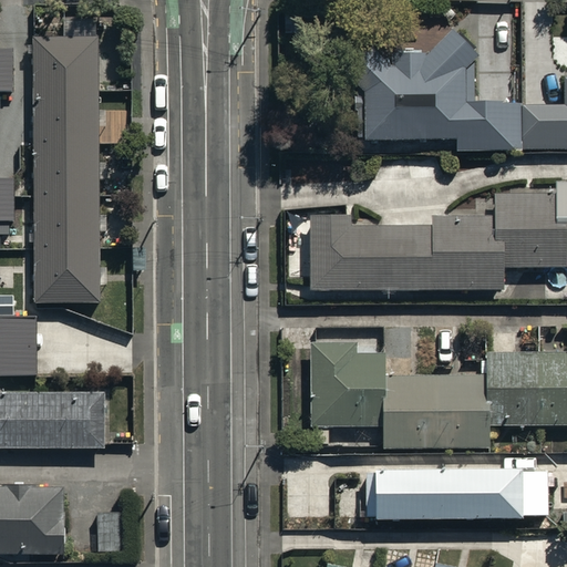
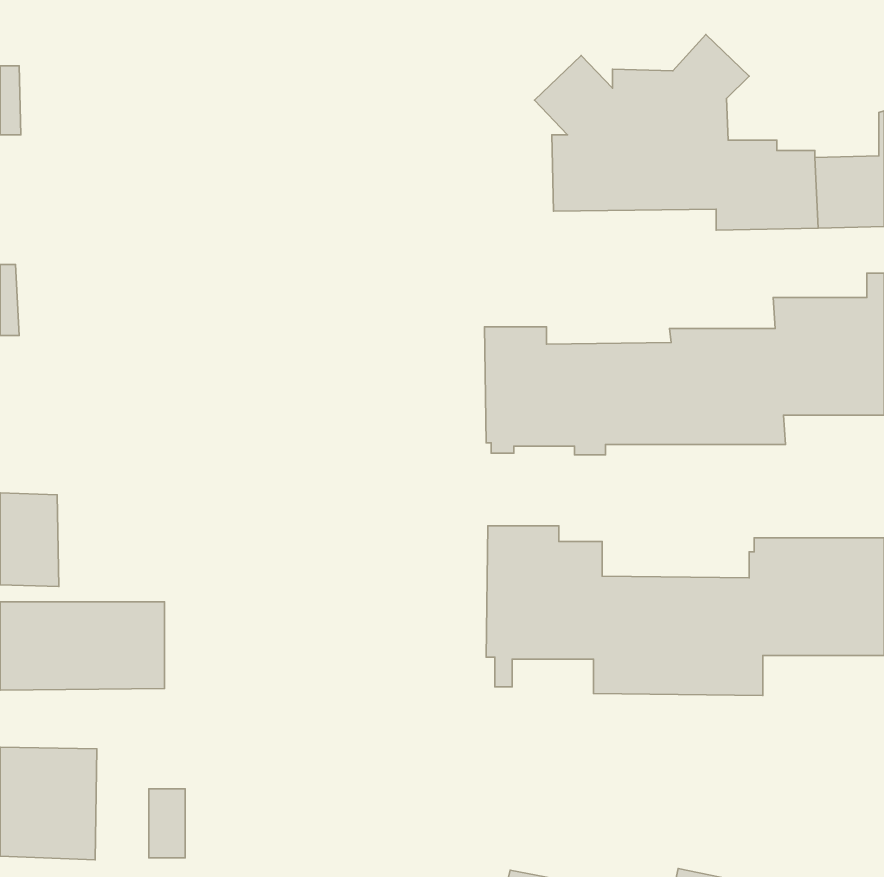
building: [35,44,102,309] -> none
building: [365,465,545,515] -> none

